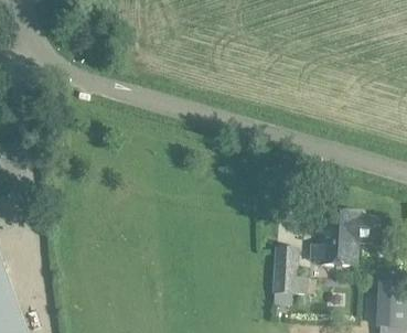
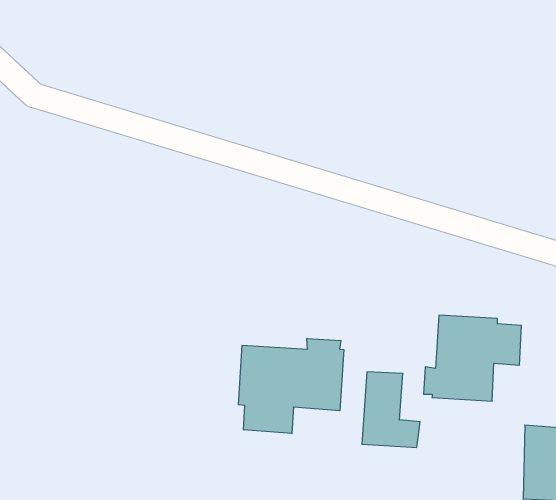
building: none -> [238,338,344,434]

